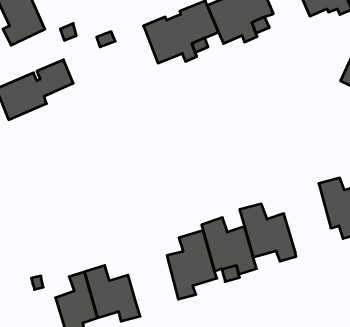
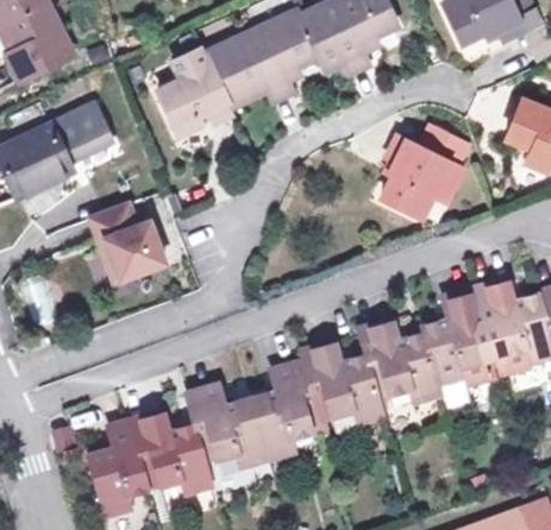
building: none -> [162,52,239,139]
building: none -> [381,125,463,216]
building: none -> [95,206,163,283]
building: none -> [420,288,491,387]
building: none -> [183,381,267,465]

